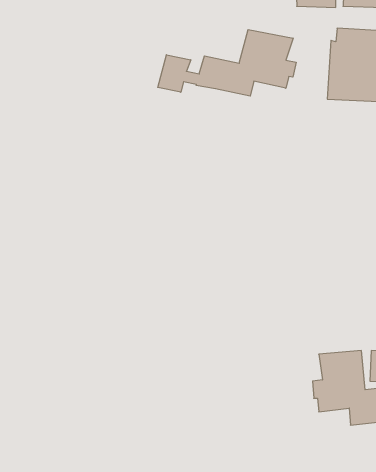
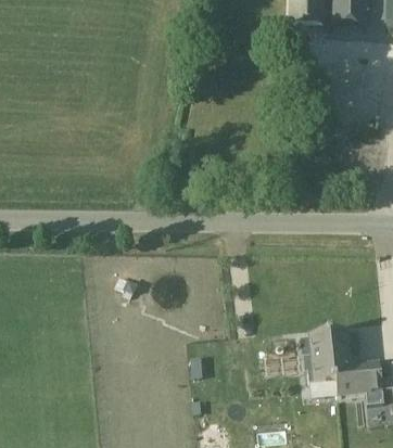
building: [158,30,296,96] -> none

